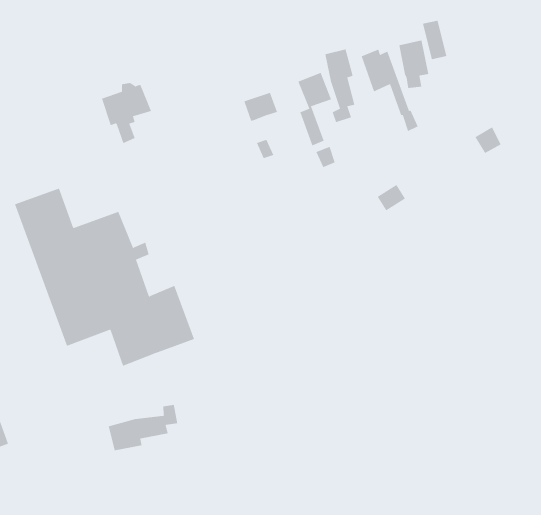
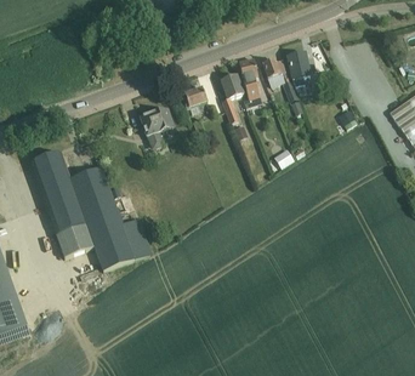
building: [101,82,152,144] -> [141,106,175,147]
building: [108,404,178,451] -> none

